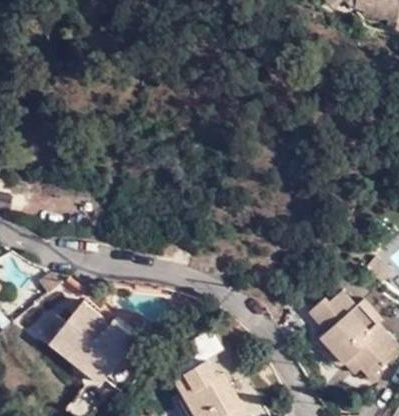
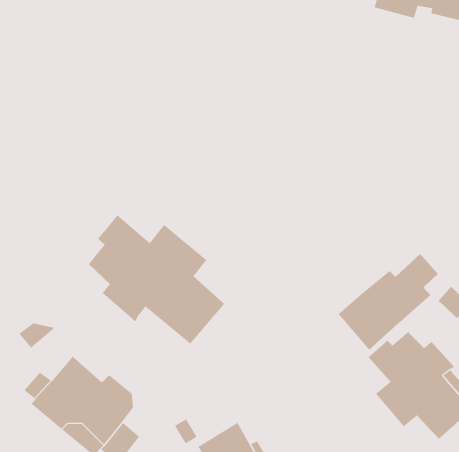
building: none -> [88,215,225,344]
building: none -> [338,253,438,351]

